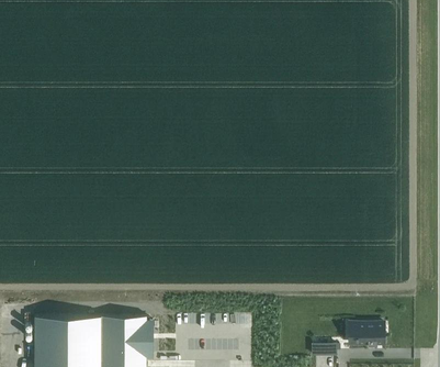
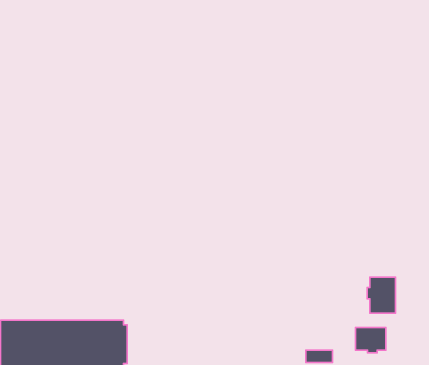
building: none -> [367,277,396,313]

